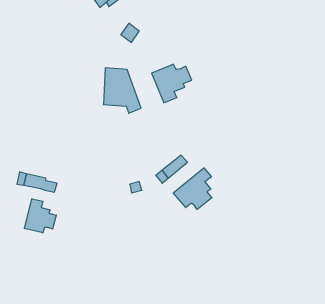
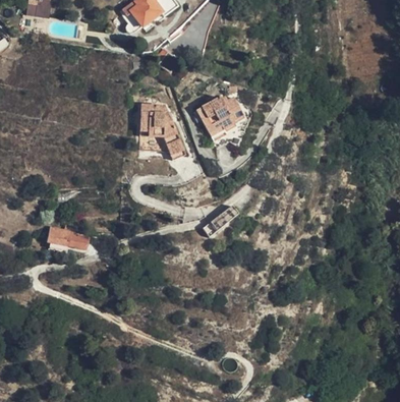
building: [173,168,212,209] -> none
building: [24,199,56,233] -> none

